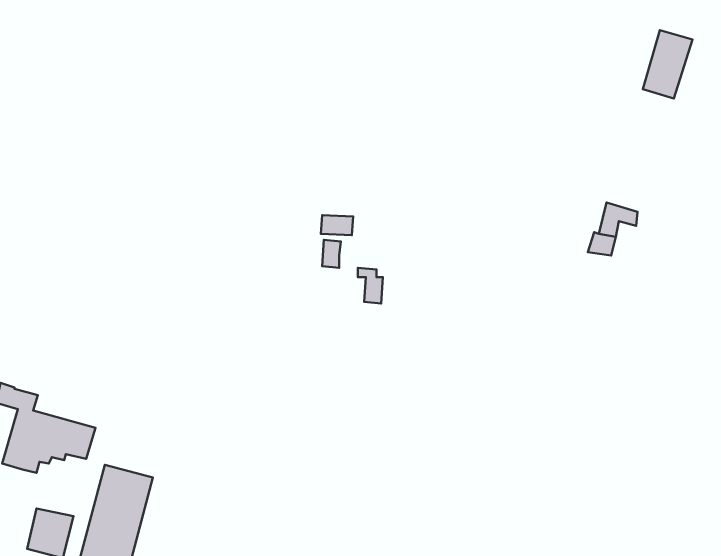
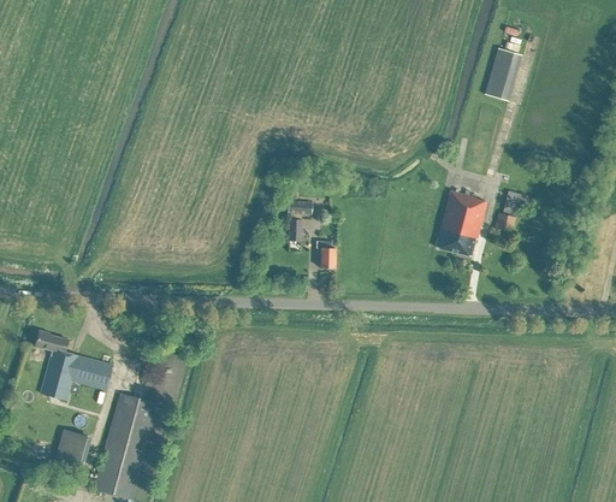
building: [643,30,692,99] -> [484,48,522,101]
building: none -> [434,190,486,255]

